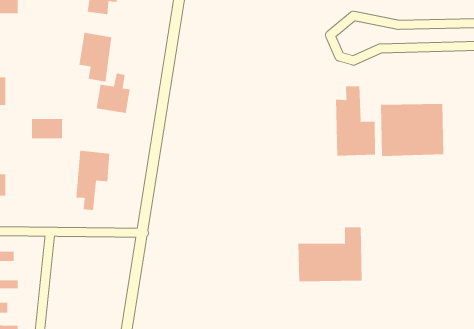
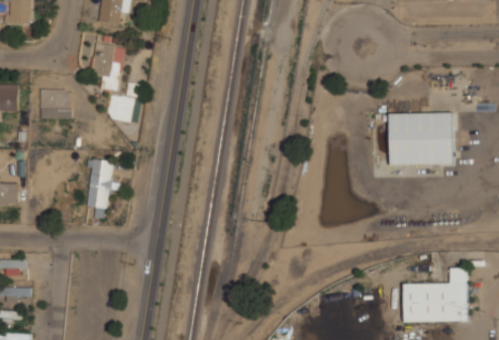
building: [336,86,375,157] -> none
building: [31,118,63,139] -> [40,89,72,109]
building: [297,227,363,282] -> [403,267,468,322]

